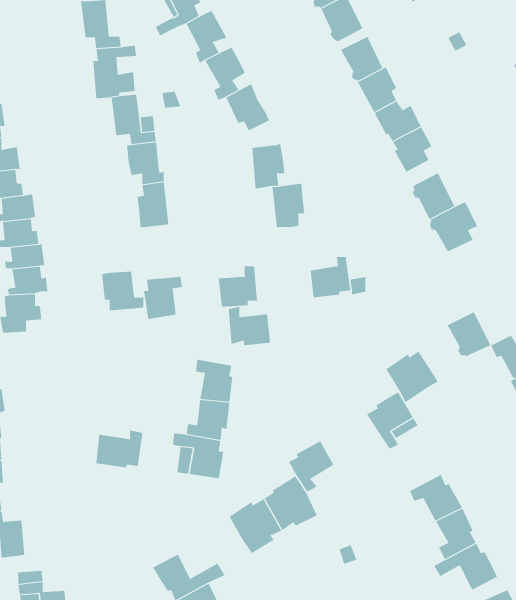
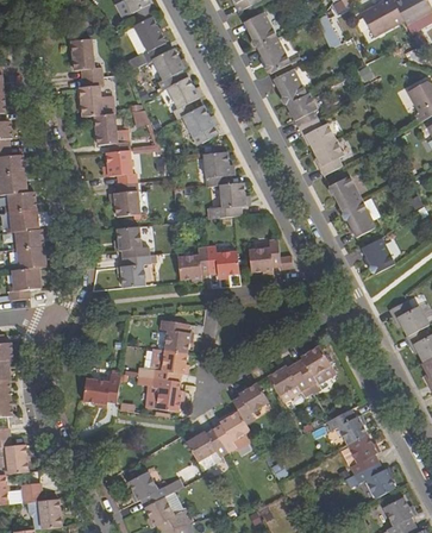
building: [101,271,144,311] -> [115,226,149,257]
building: [228,306,271,346] -> [206,244,239,275]
building: [447,311,491,357] -> [361,237,395,272]
building: [385,351,439,403] -> [267,362,308,402]

